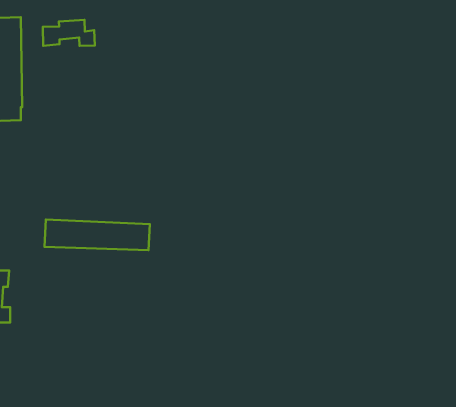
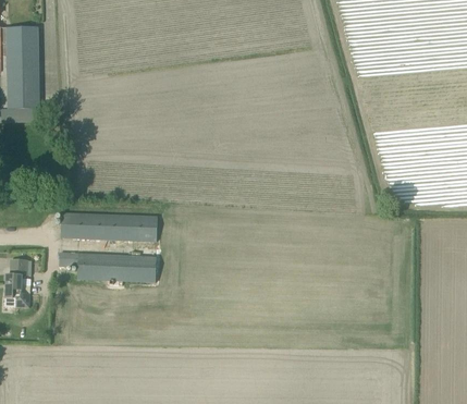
building: [43,20,95,46] -> none
building: none -> [60,252,157,281]

